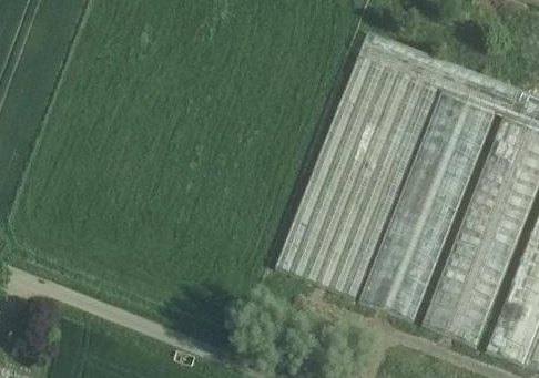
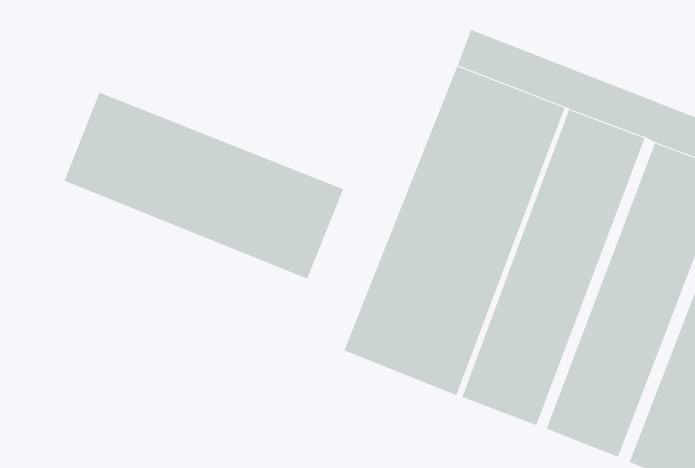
building: none -> [64,92,344,280]

